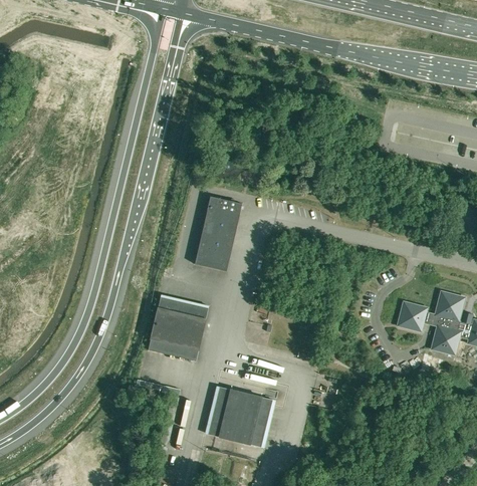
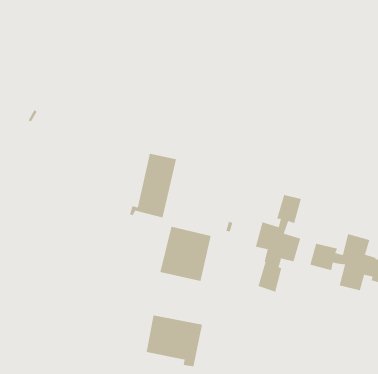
building: none -> [255,194,301,292]
building: [148,296,208,360] -> [160,226,212,282]

